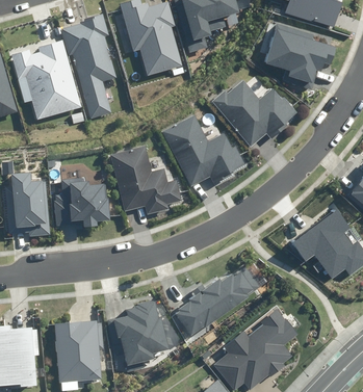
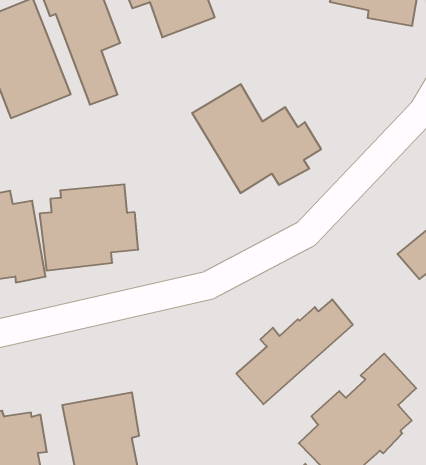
building: [213,80,300,148] -> none
building: [111,146,185,214] -> none
building: [114,298,167,365] -> none

